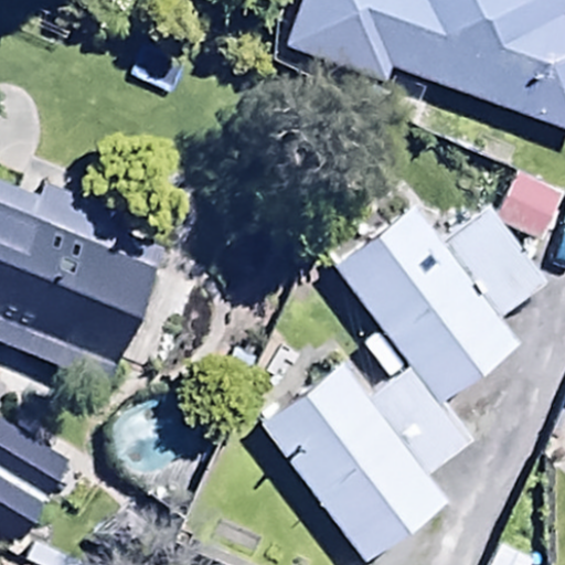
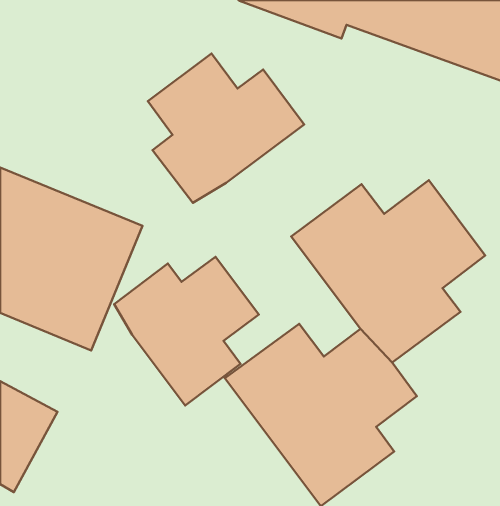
building: none -> [148,53,304,203]
building: none -> [114,257,259,406]

